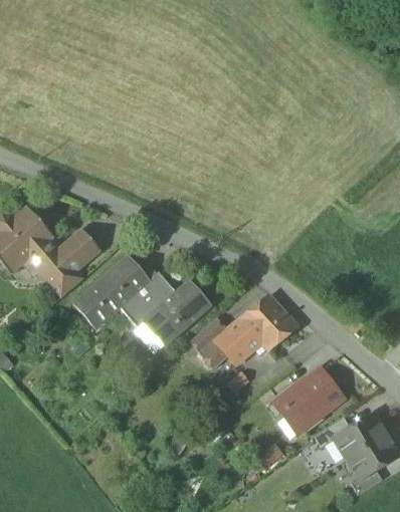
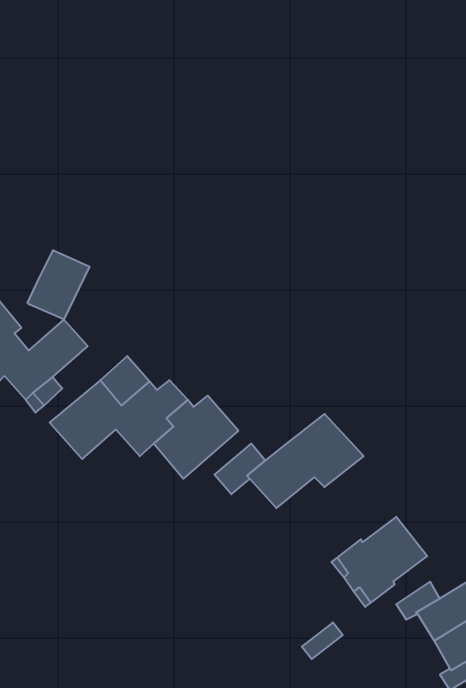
building: none -> [28,250,89,320]

